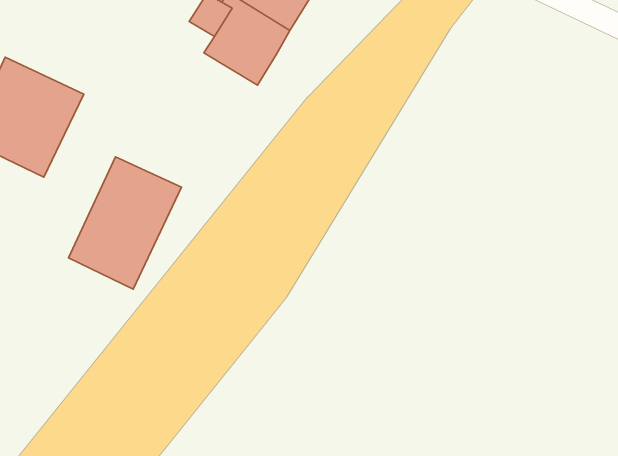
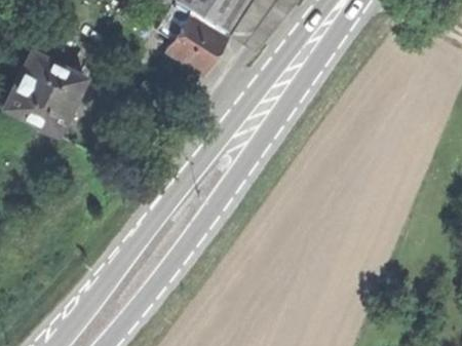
building: [68,157,181,289] -> none

